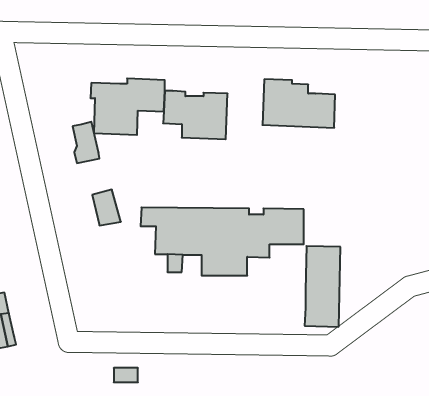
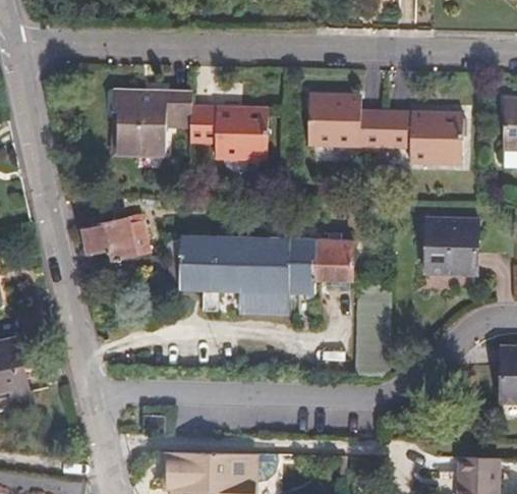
building: none -> [388,109,462,163]
building: [73,122,99,163] -> [92,223,122,270]
building: none -> [426,219,476,271]

